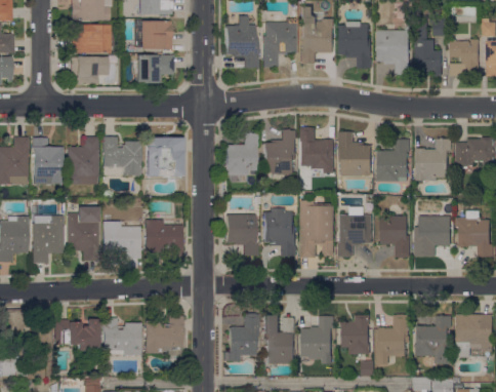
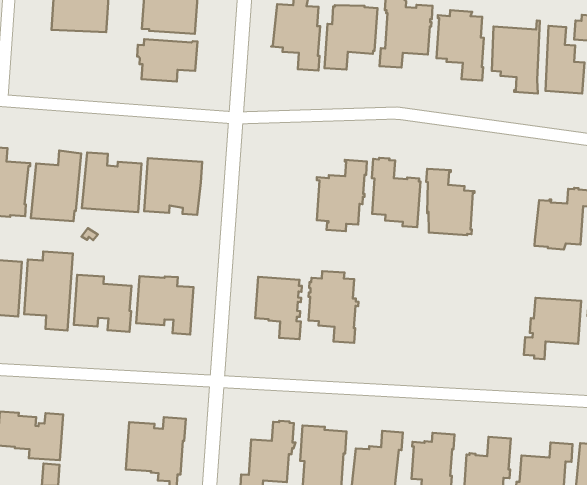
building: [71,56,107,85] -> none
building: [224,132,258,183] -> none
building: [377,139,410,181] -> none
building: [300,200,334,258] -> none
building: [338,206,372,256] -> none
building: [381,215,410,257] -> none
building: [101,318,140,356] -> none

